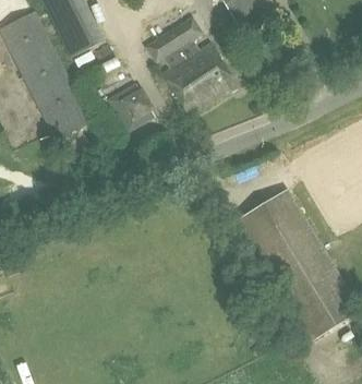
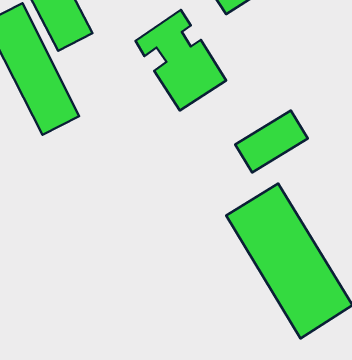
building: [108,83,154,131] -> none
building: none -> [235,111,308,172]

